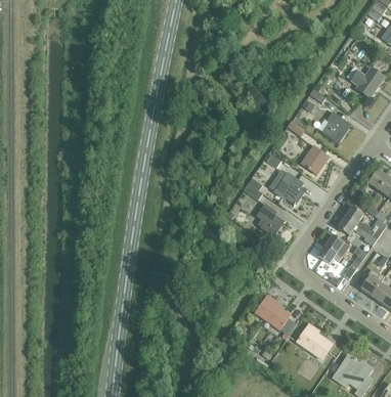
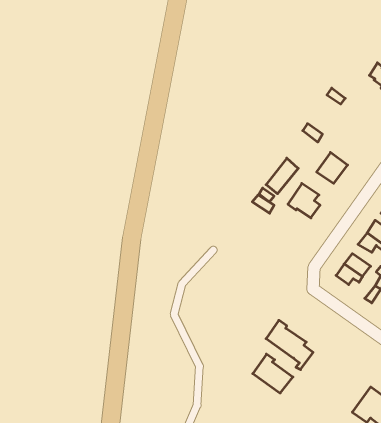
building: [322,112,350,142] -> none
building: [257,205,283,234] -> none
building: [297,323,333,358] -> [253,354,293,393]

